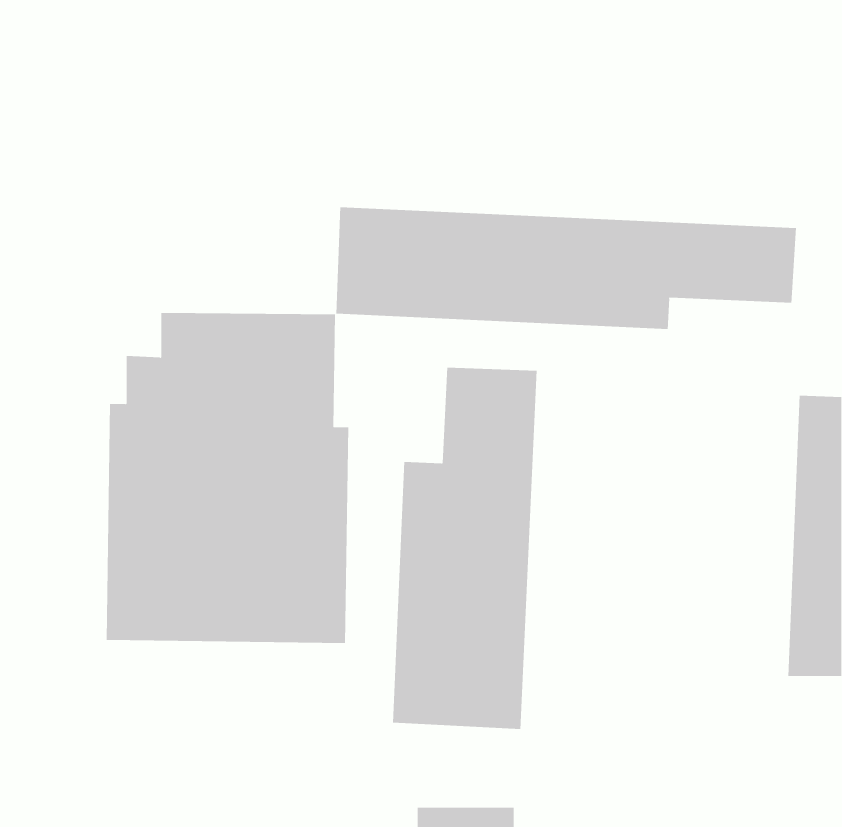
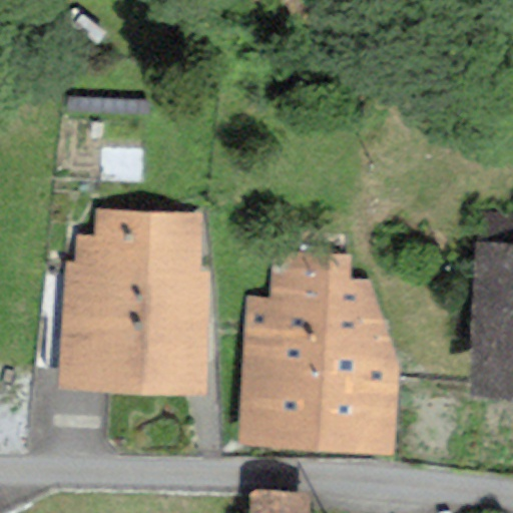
building: [336,206,796,330] -> none
building: none -> [316,235,402,457]

